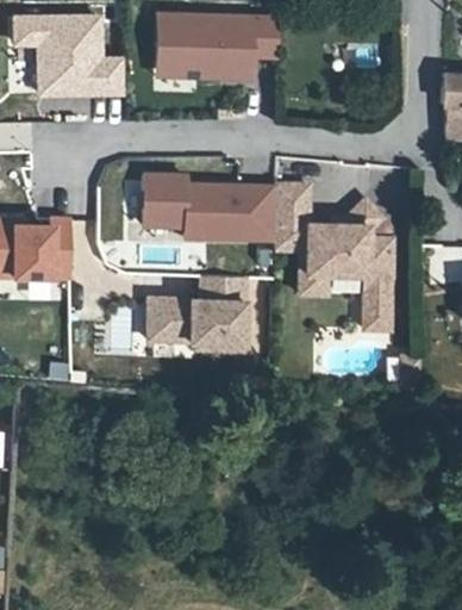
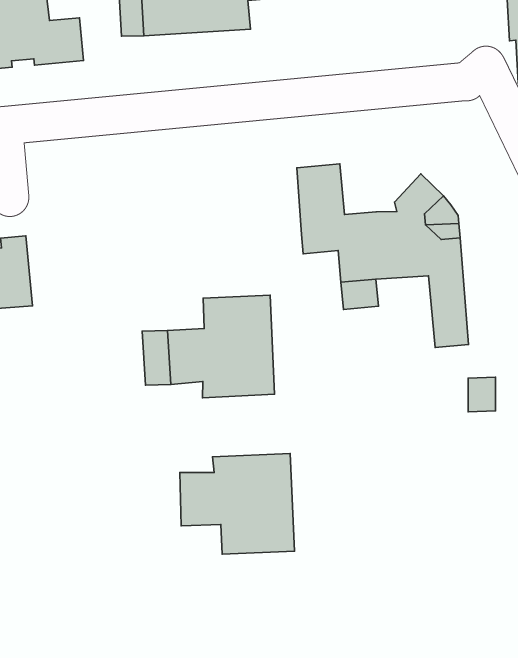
building: [144,174,276,236] -> none
building: none -> [180,453,295,554]

